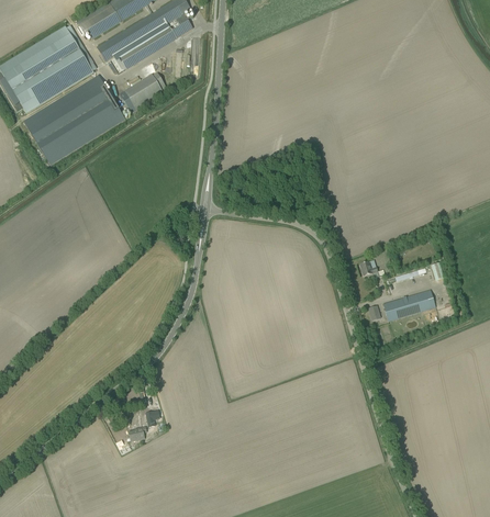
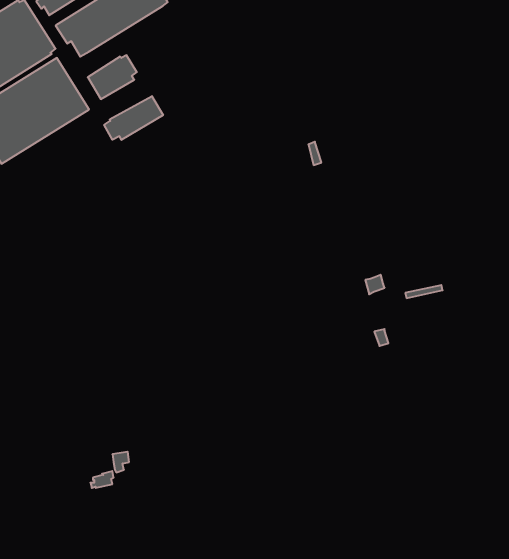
building: none -> [104,96,163,140]
building: [382,289,434,321] -> none

